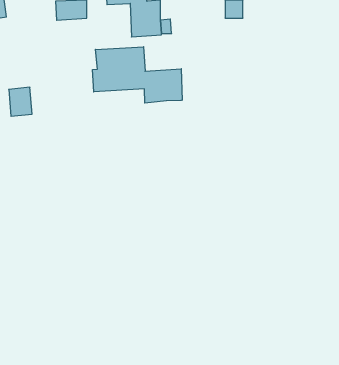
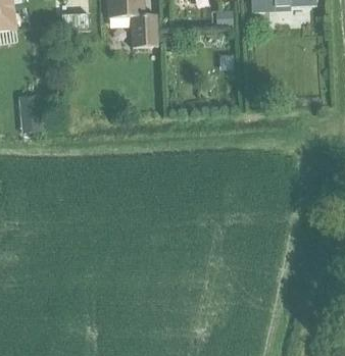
building: [93,47,182,103] -> none

